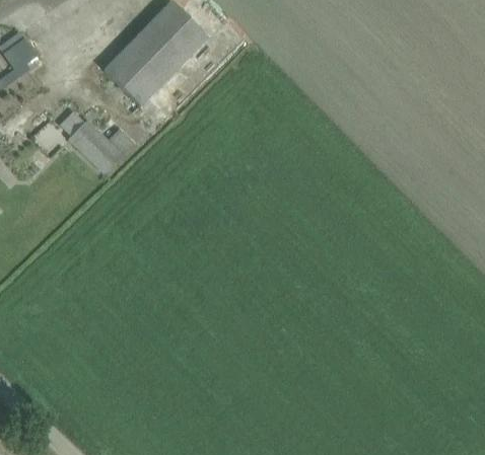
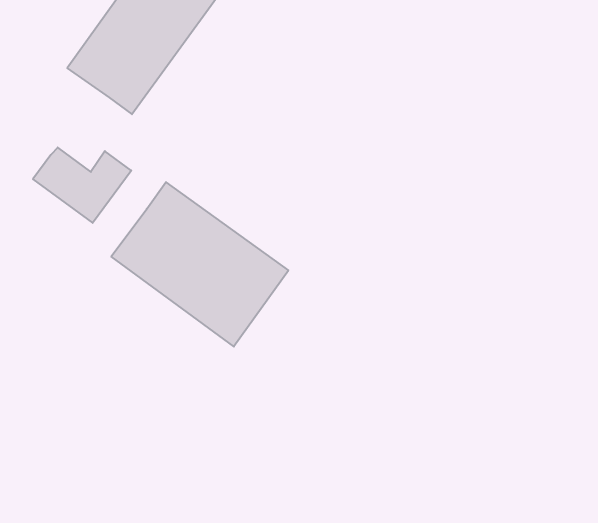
building: none -> [111,182,288,347]

